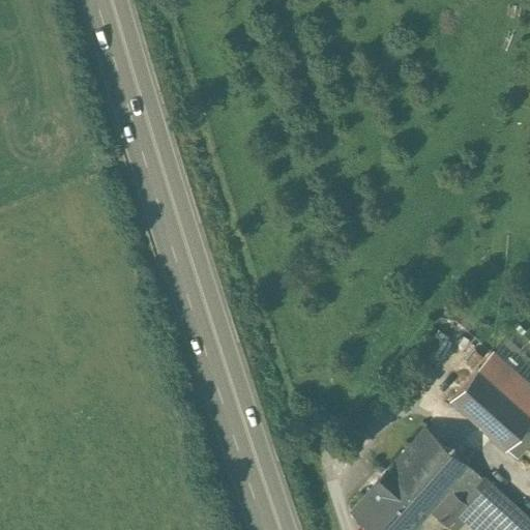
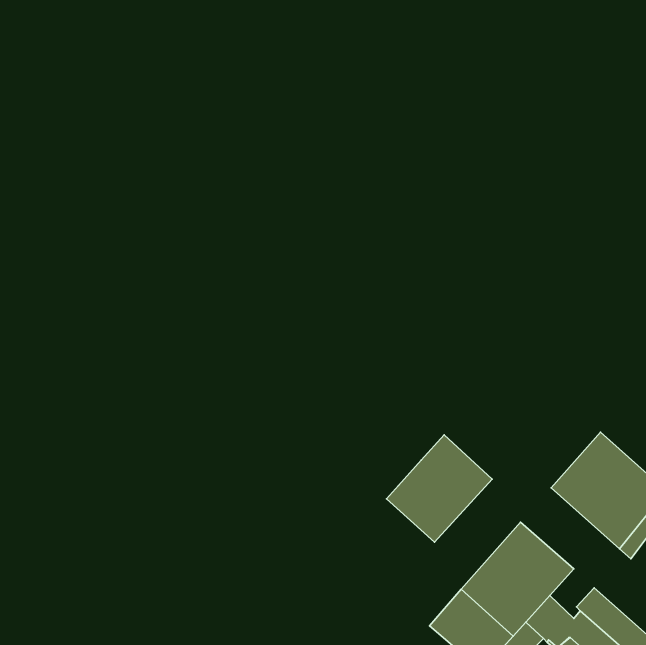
building: none -> [386,435,492,542]
building: [450,467,487,507] -> none

